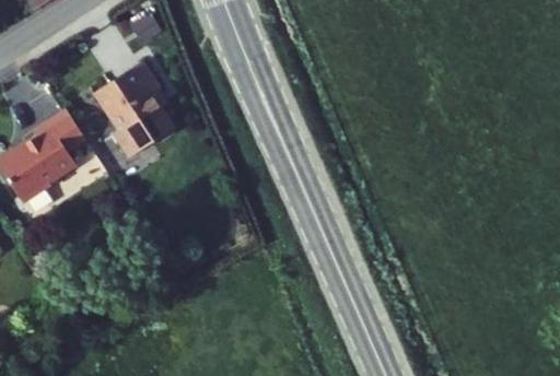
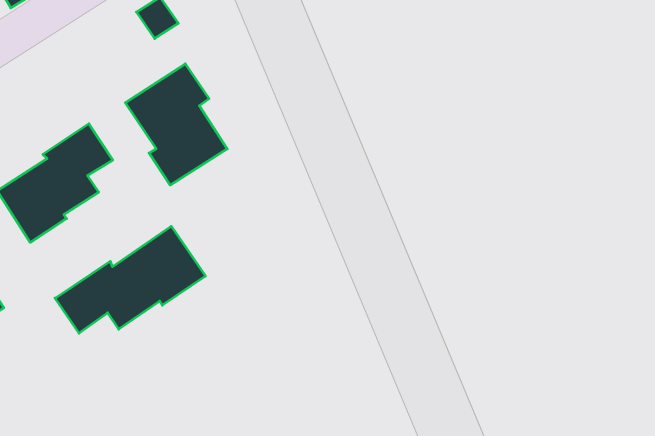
building: none -> [55,226,205,333]

